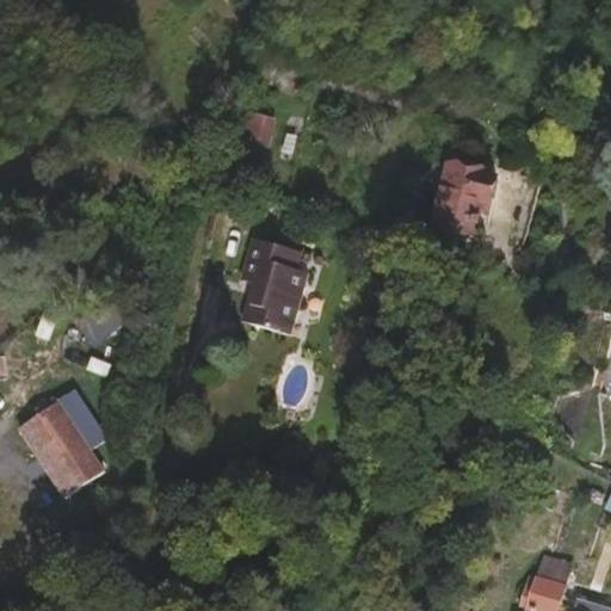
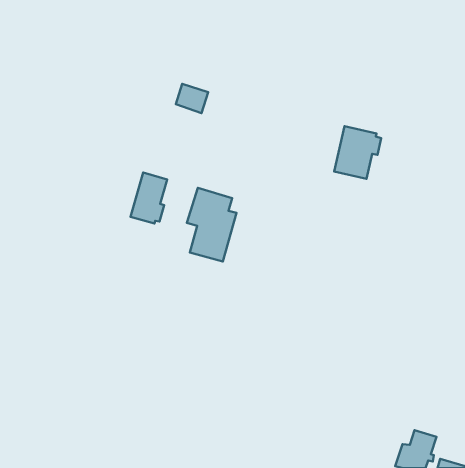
building: none -> [130,173,167,224]
building: [29,399,107,483] -> none

